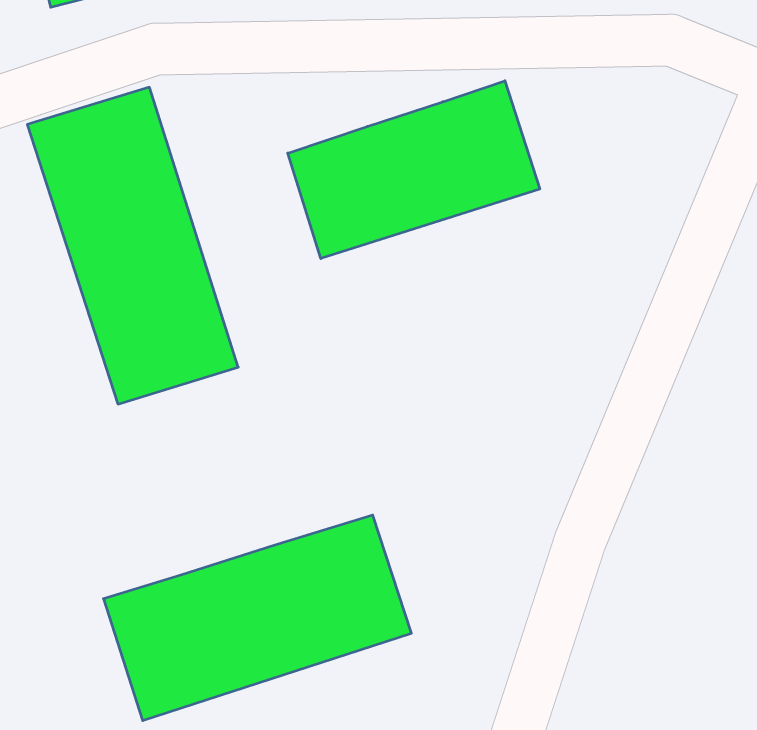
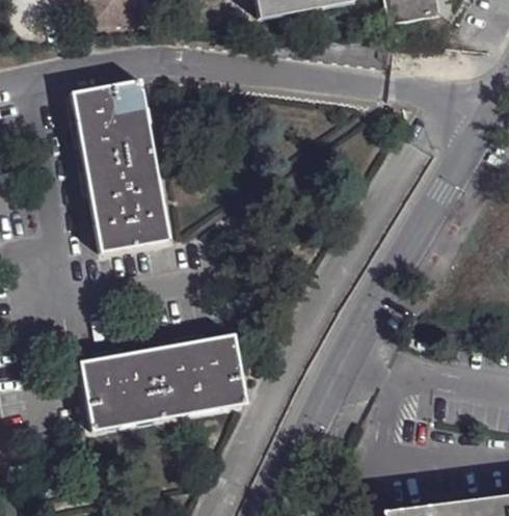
building: [288,81,540,259] -> none

